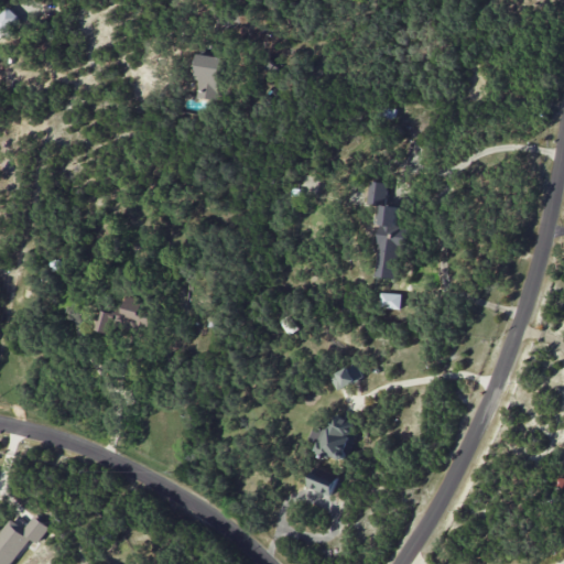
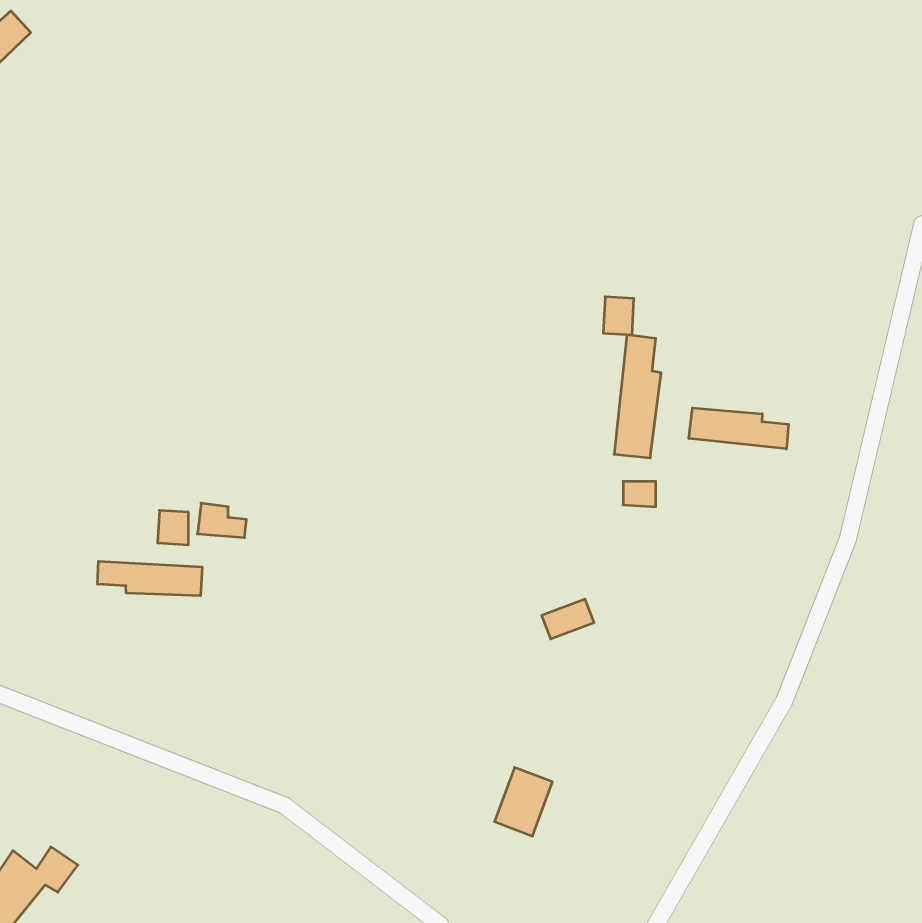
building: [194,56,220,99] -> none
building: none -> [689,408,789,449]
building: none -> [98,561,202,596]
building: [307,416,357,463] -> none

